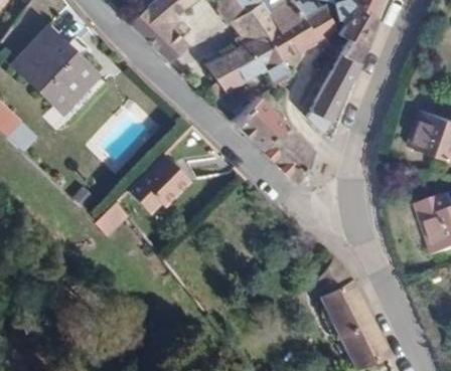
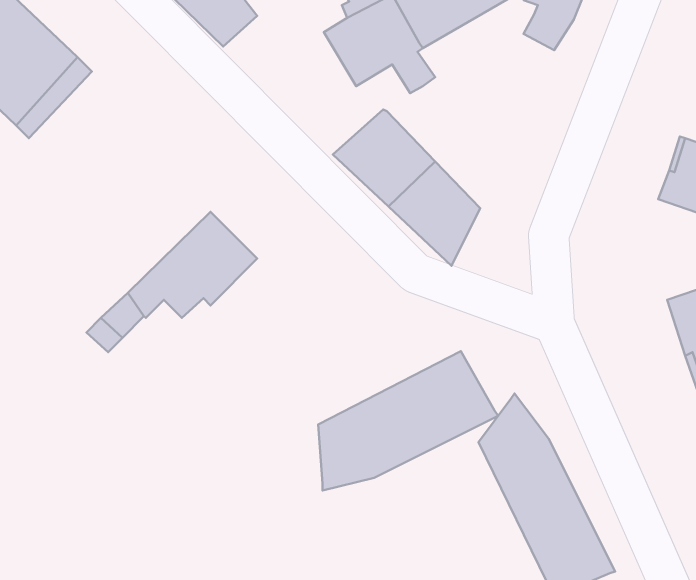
building: [206,53,246,92] -> none
building: [308,54,360,134] -> none
building: none -> [318,351,498,490]

